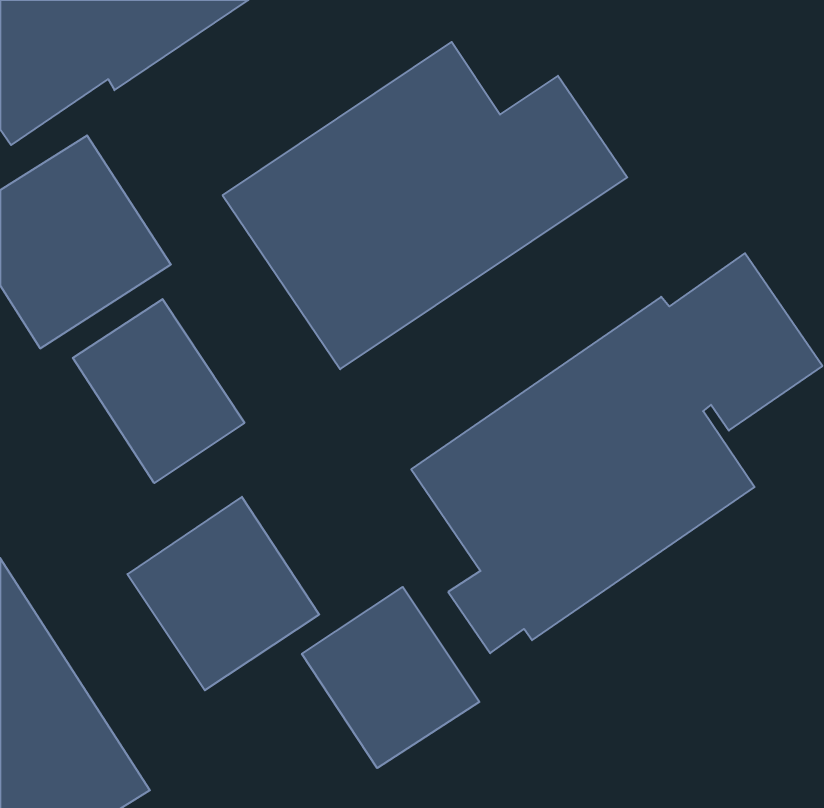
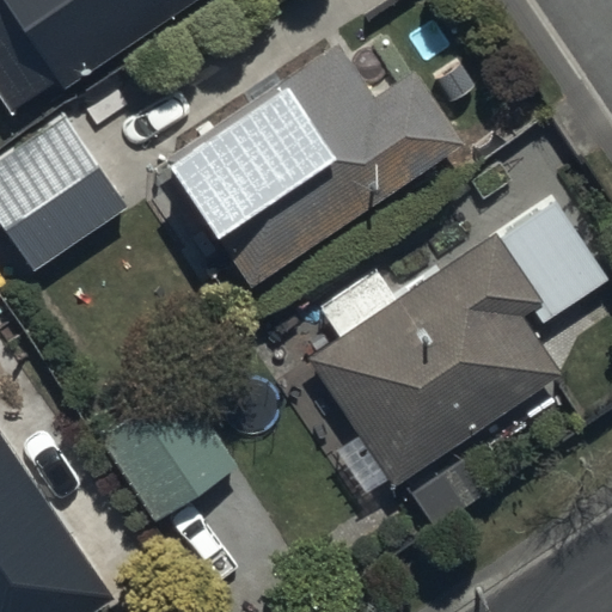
building: [73,299,244,483] -> none
building: [302,587,479,768] -> none

